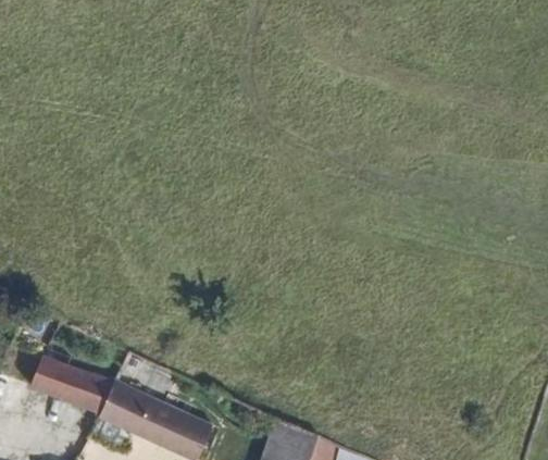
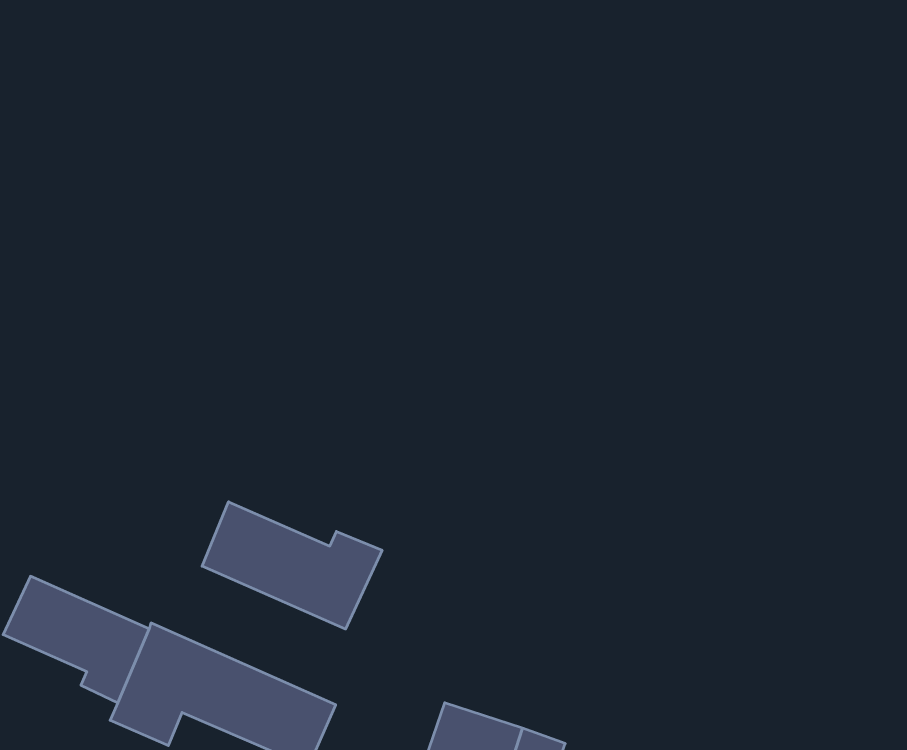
building: none -> [202,502,382,629]

